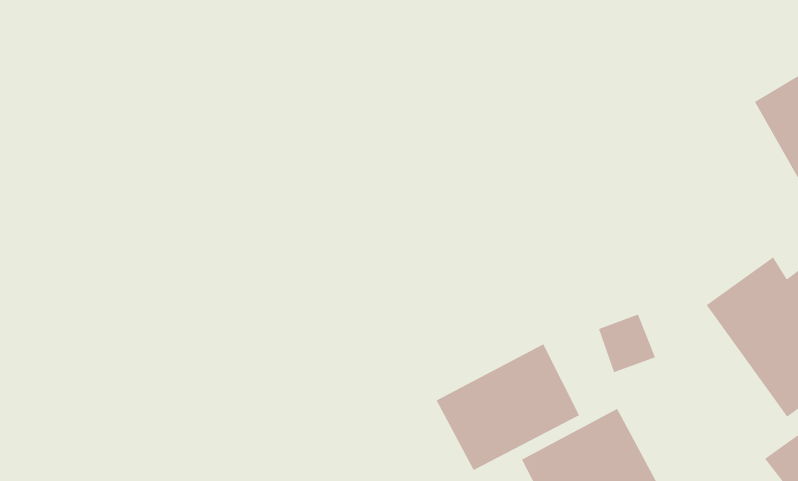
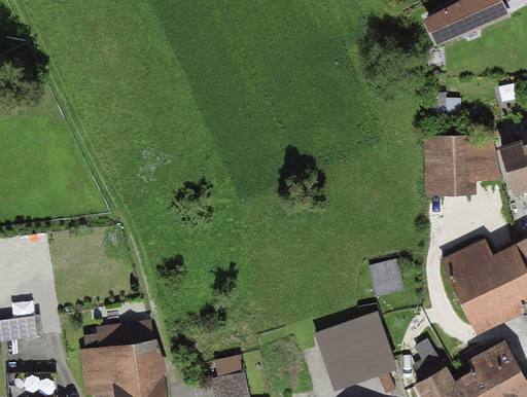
building: none -> [424,138,477,196]
building: [436,343,580,471] -> none

